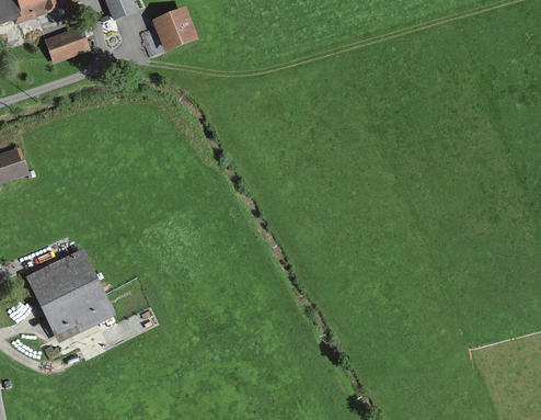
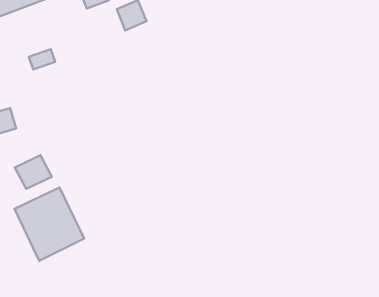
building: [46,34,80,60] -> [29,49,55,70]
building: none -> [15,155,52,189]

